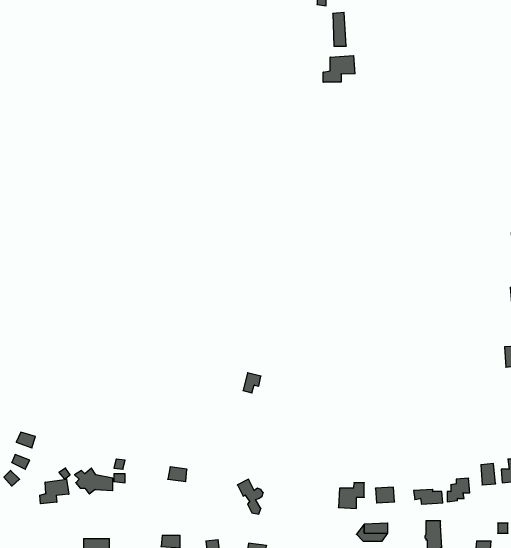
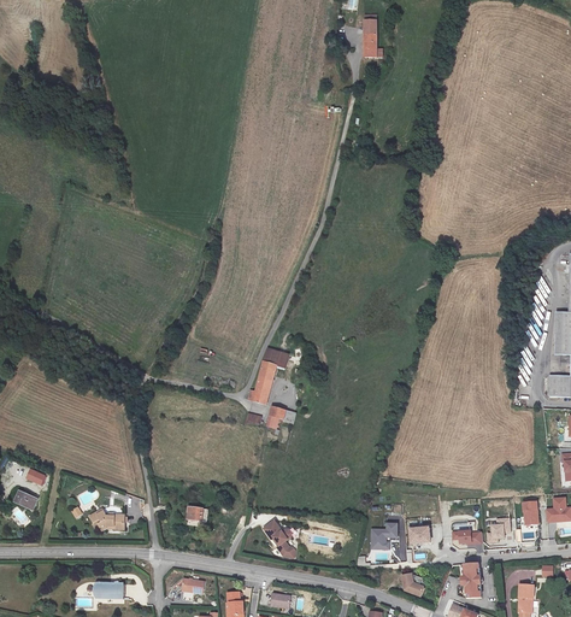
building: [323,56,355,82] -> none
building: none -> [248,359,278,401]
building: [40,479,69,504] -> none

